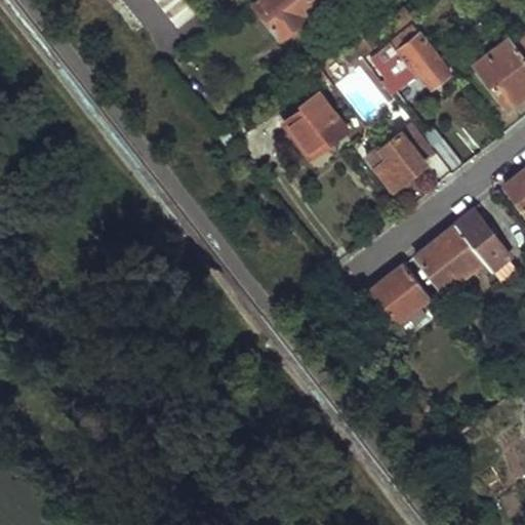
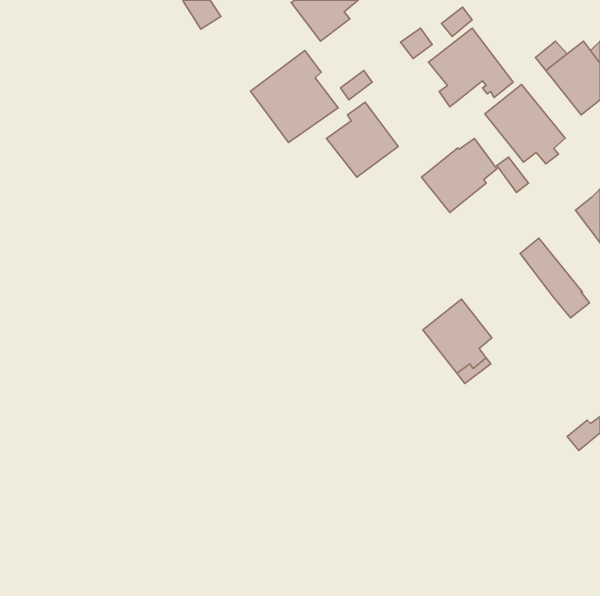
building: none -> [250,50,338,142]
building: none -> [485,84,565,164]
building: [414,225,483,293] -> none

